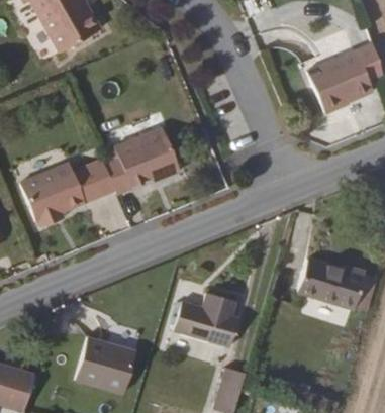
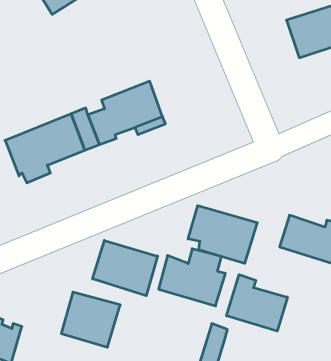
building: none -> [188,206,257,263]
building: none -> [93,240,158,296]
building: none -> [227,275,287,331]

